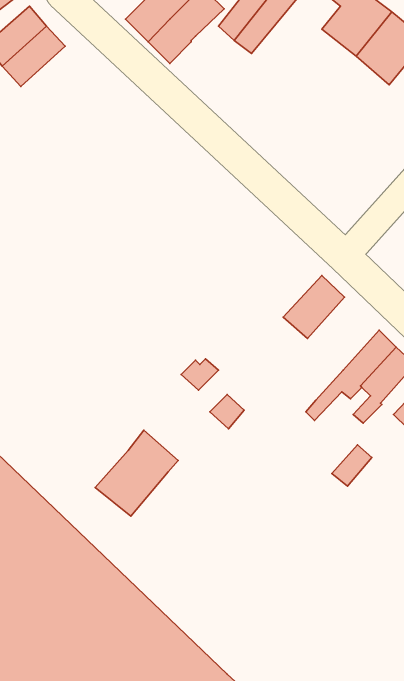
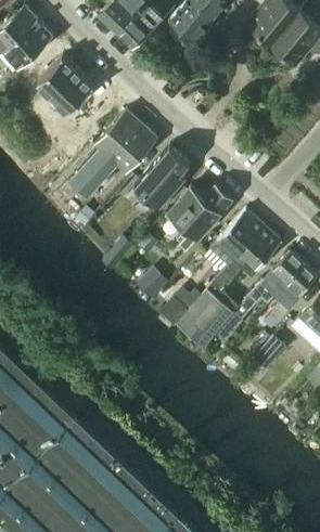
building: none -> [38,56,93,113]
building: none -> [73,111,157,193]
building: none -> [135,146,195,208]
building: none -> [165,185,233,251]
building: none -> [222,226,282,281]
building: [95,430,178,516] -> [179,282,242,347]

